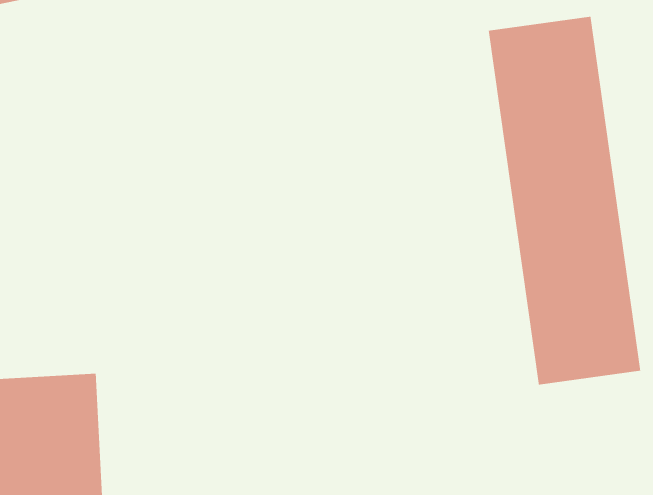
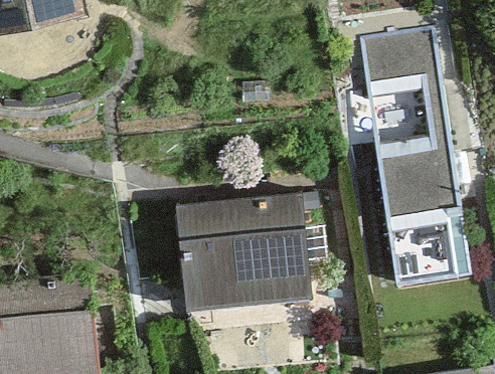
building: none -> [181,196,306,304]

